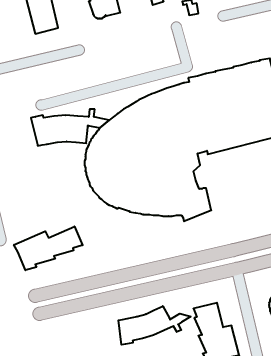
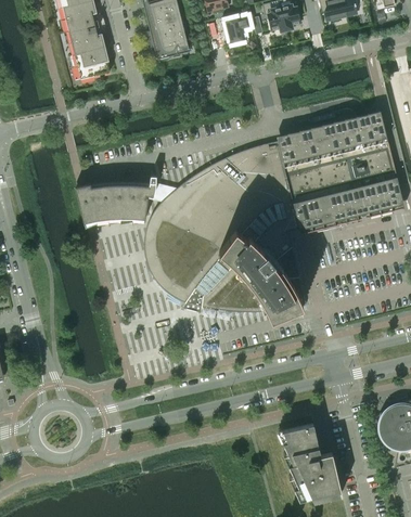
building: [14,226,83,270] -> none
building: [118,306,191,345] -> none

